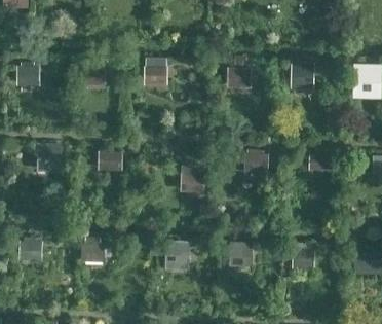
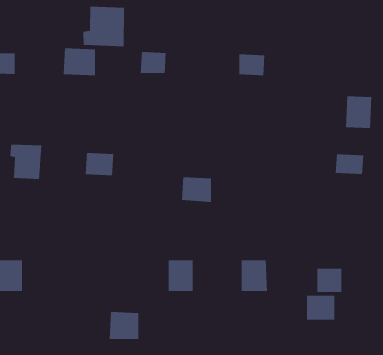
building: none -> [83,6,124,47]
building: [290,62,312,89] -> [345,96,372,129]
building: [241,149,269,179] -> none
building: [79,239,105,262] -> [109,311,139,339]
building: none -> [307,295,335,320]

